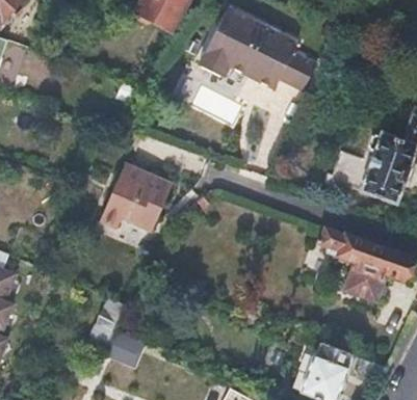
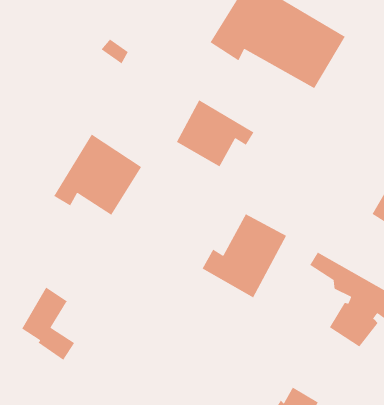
building: none -> [176,99,255,167]
building: none -> [201,213,287,299]

